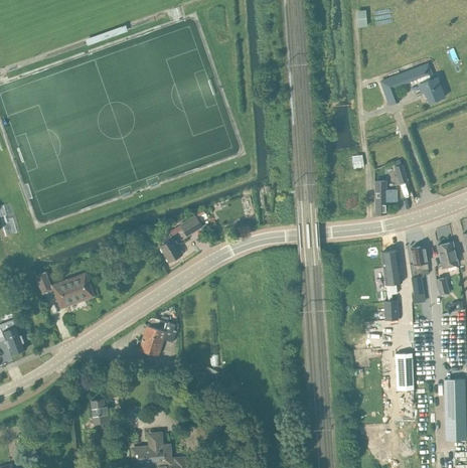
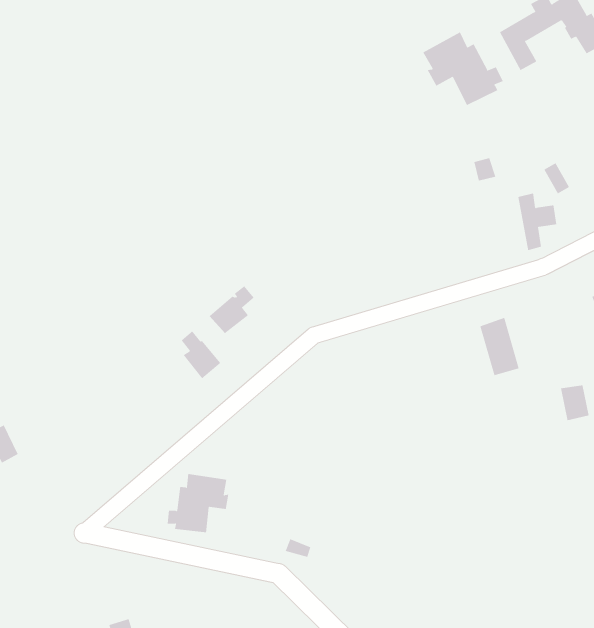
building: none -> [422,32,503,106]
building: [382,250,403,284] -> [479,317,519,376]
building: [53,273,95,307] -> none

